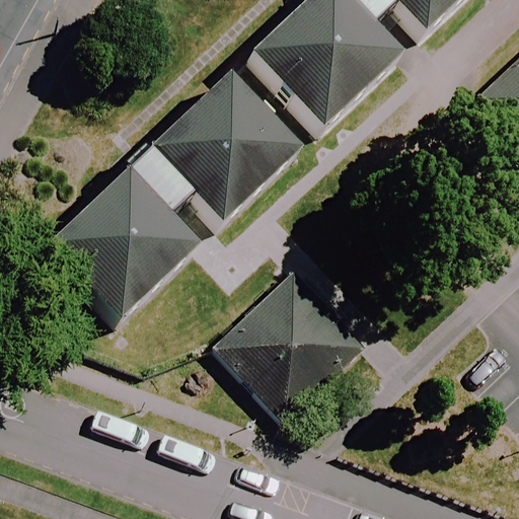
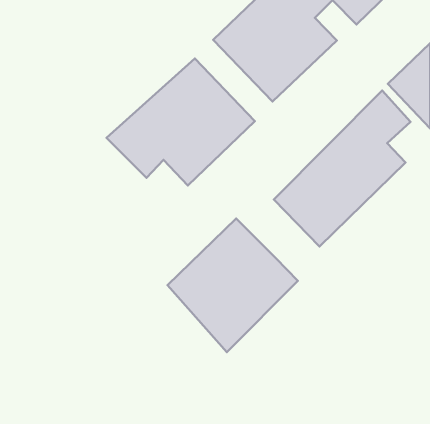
building: none -> [274,90,410,246]
building: [46,165,202,325] -> none

